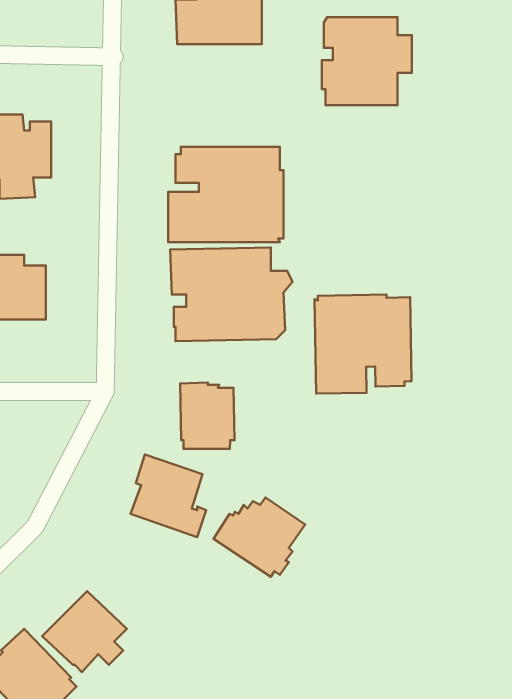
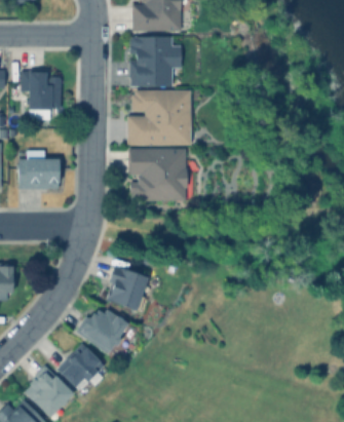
building: [322,17,412,105] -> [129,36,181,86]
building: [314,295,412,394] -> none
building: [180,383,234,449] -> none
building: [213,498,305,577] -> [75,308,127,353]

